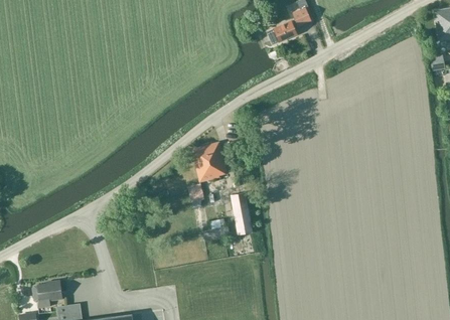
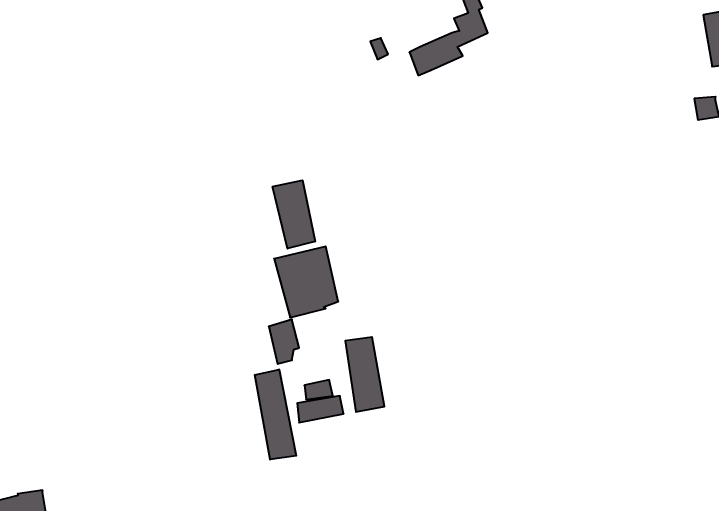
building: none -> [273,180,315,249]
building: none -> [255,369,296,460]

